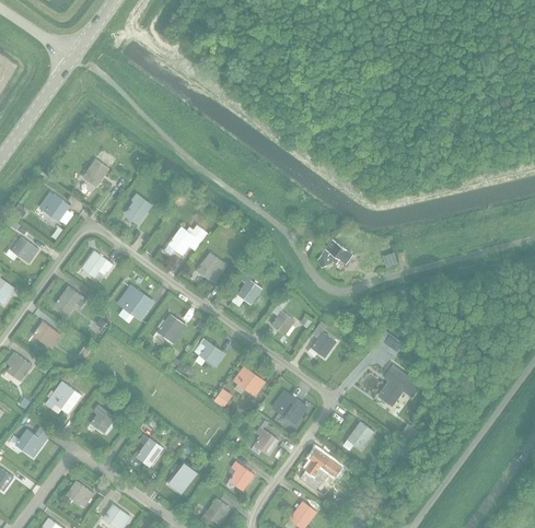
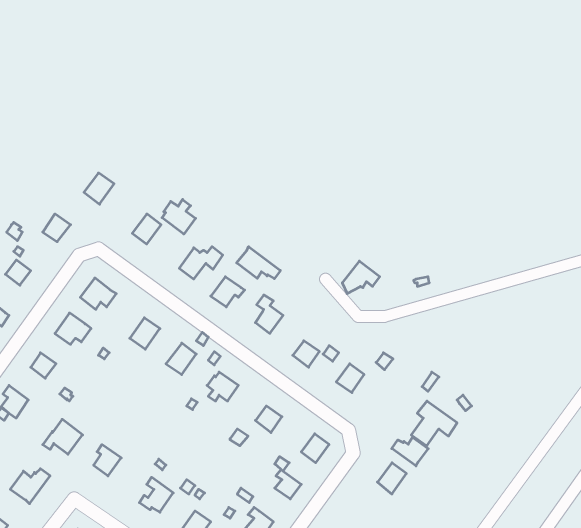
building: none -> [162,199,196,234]
building: none -> [237,247,280,279]
building: none -> [392,437,428,466]
building: [305,449,340,476] -> none

